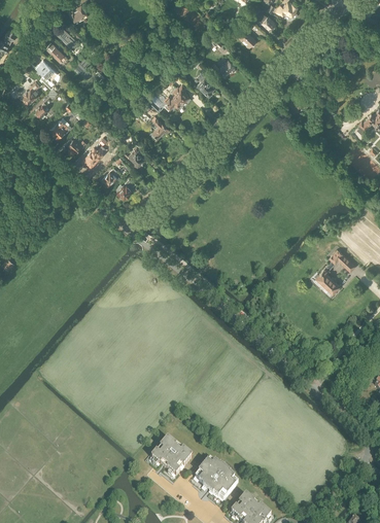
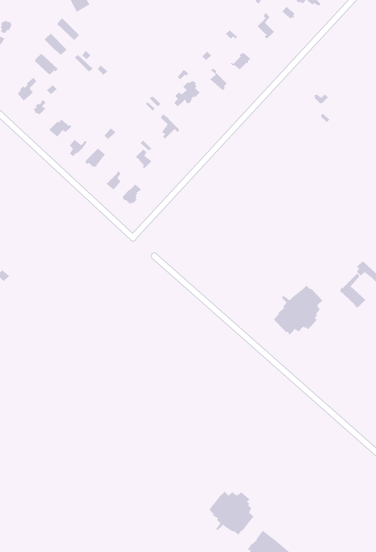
building: none -> [273,285,323,336]
building: [151,439,193,476] -> none

